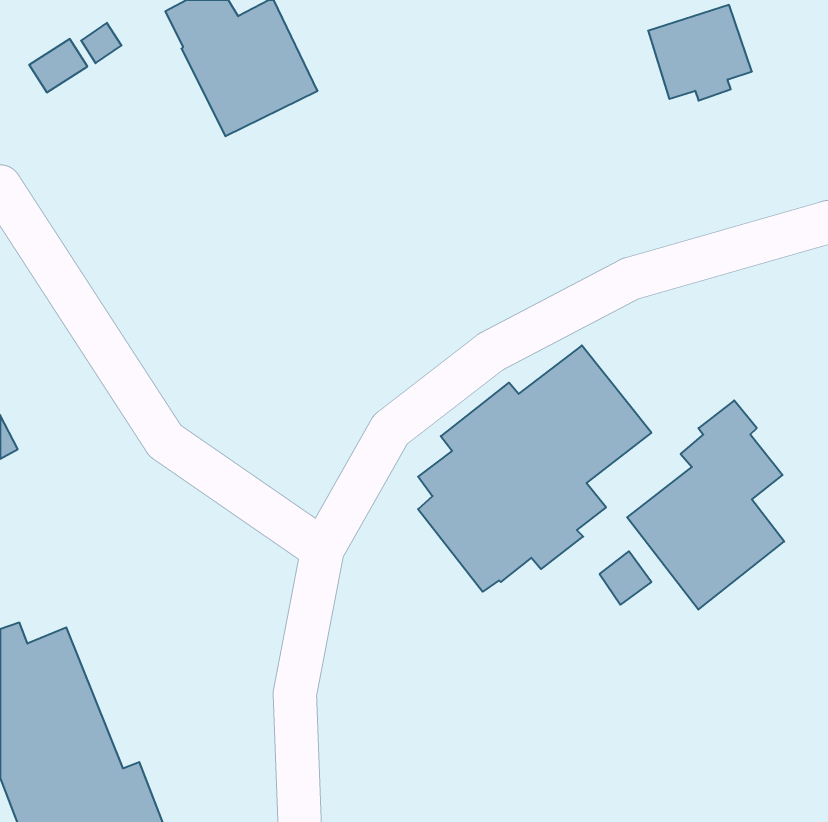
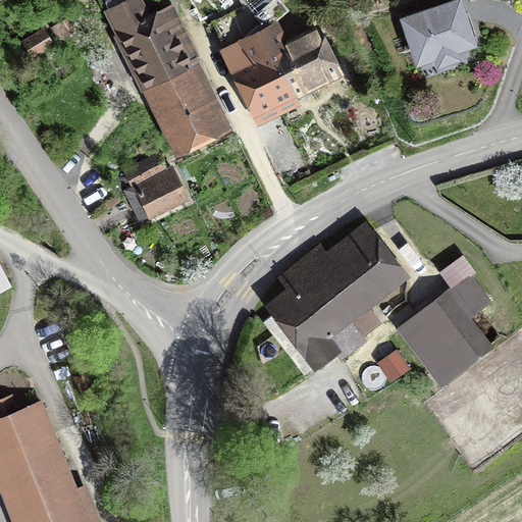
building: none -> [226,27,341,115]
building: none -> [142,61,233,157]
building: none -> [122,154,190,222]

